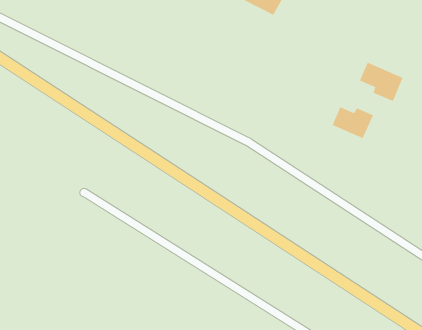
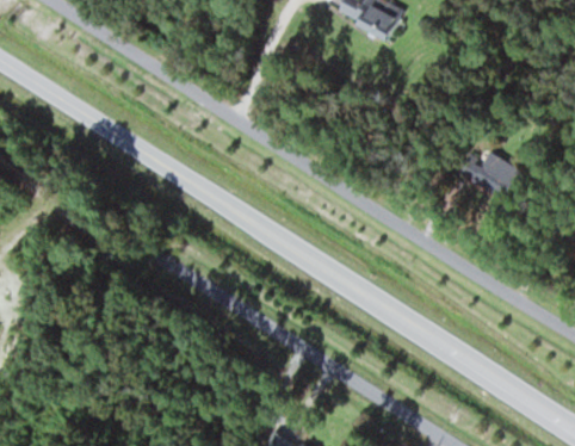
building: [359,62,403,102] -> none

